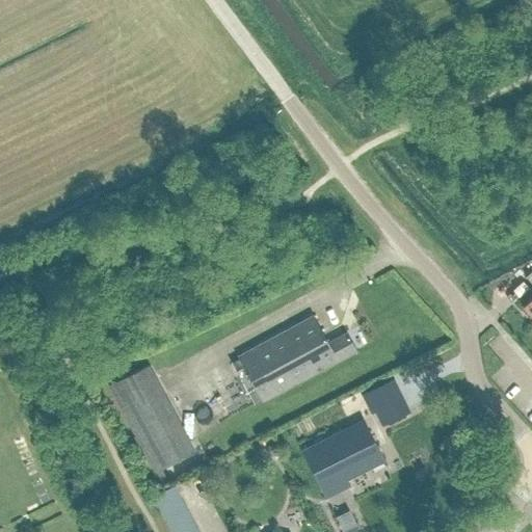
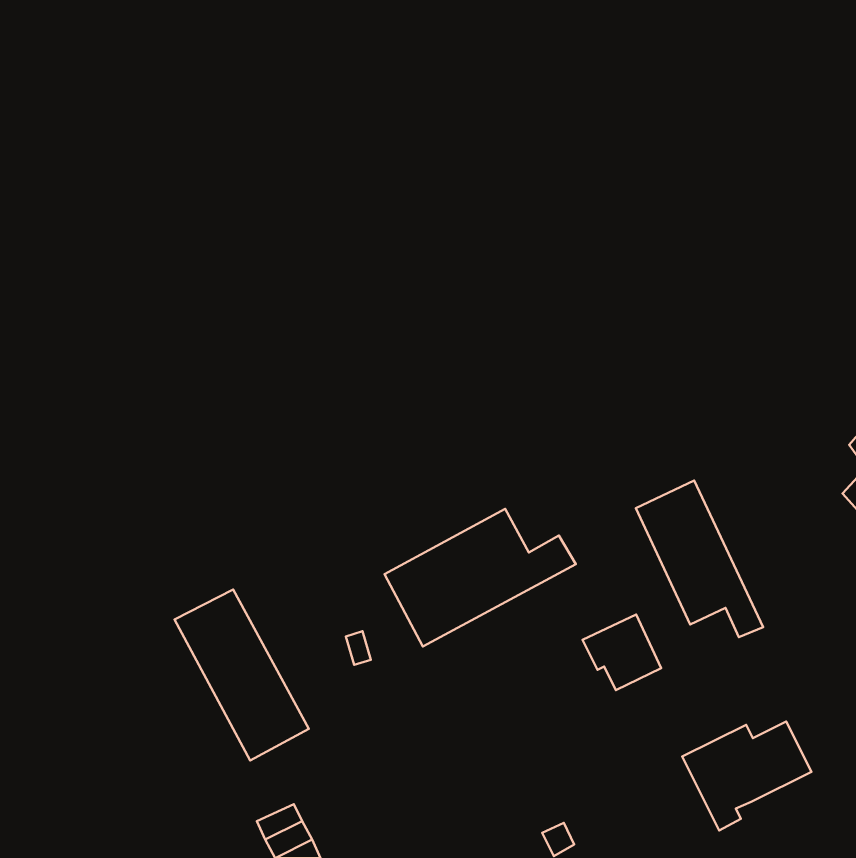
building: none -> [636,481,763,637]
building: [303,429,383,497] -> [682,721,811,830]

